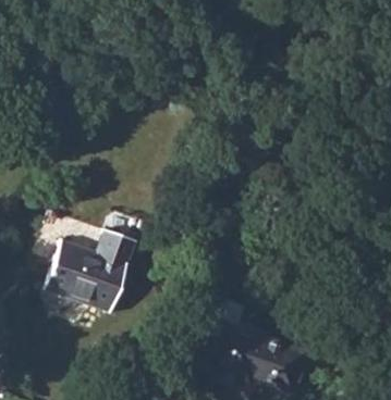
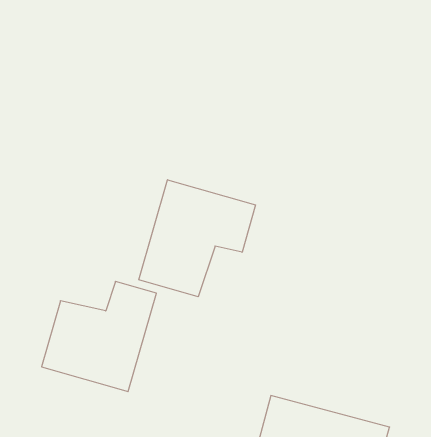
building: none -> [139,180,256,297]

